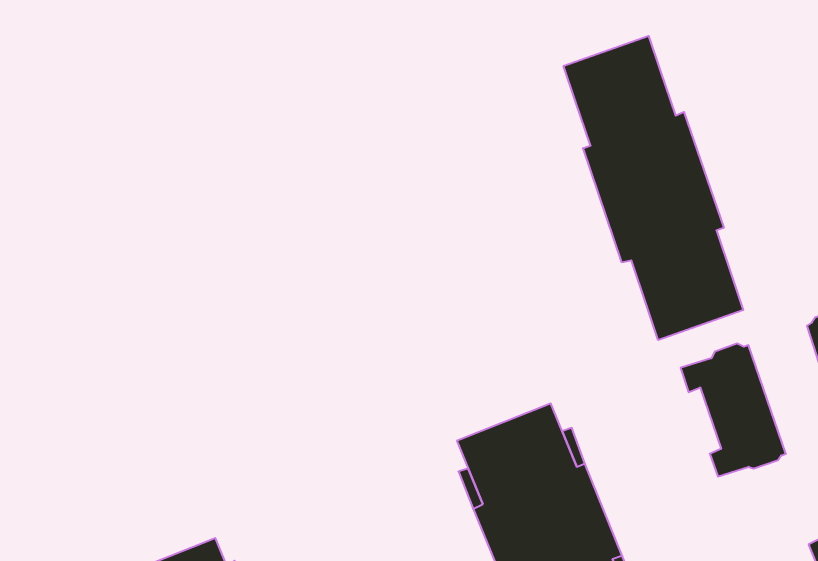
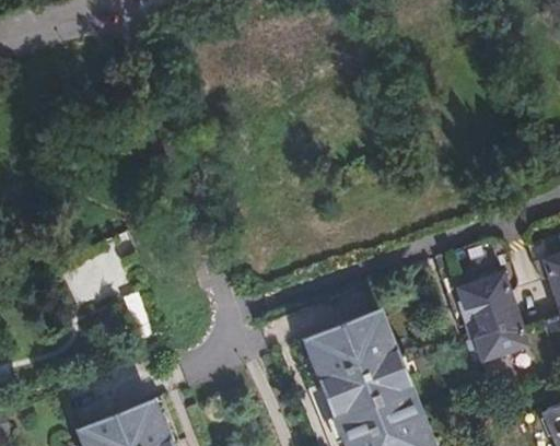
building: [564,36,743,340] -> none

